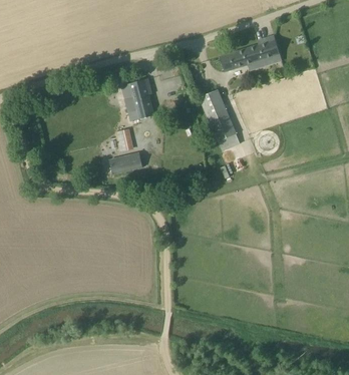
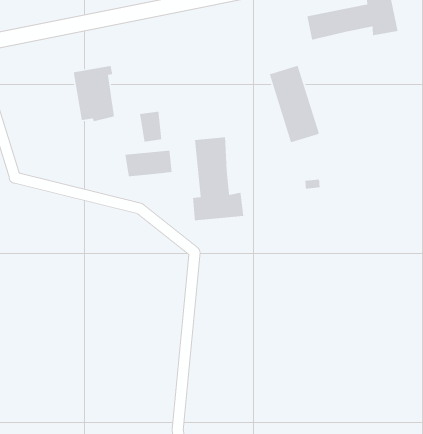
building: [121,79,152,118] -> [73,65,115,122]
building: none -> [192,136,244,221]

